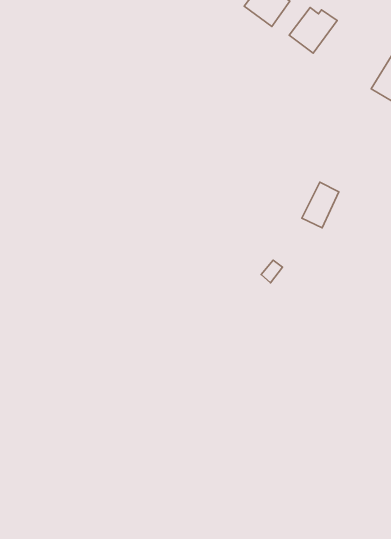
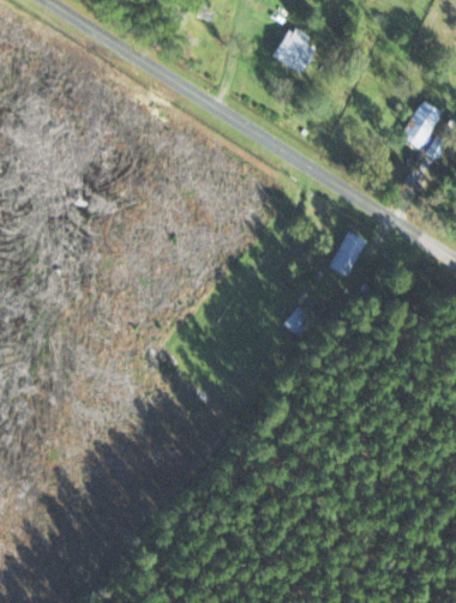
building: [289,8,337,53] -> none

